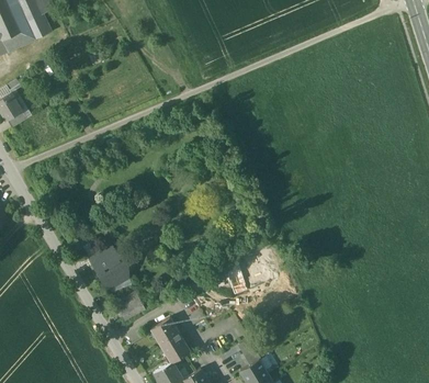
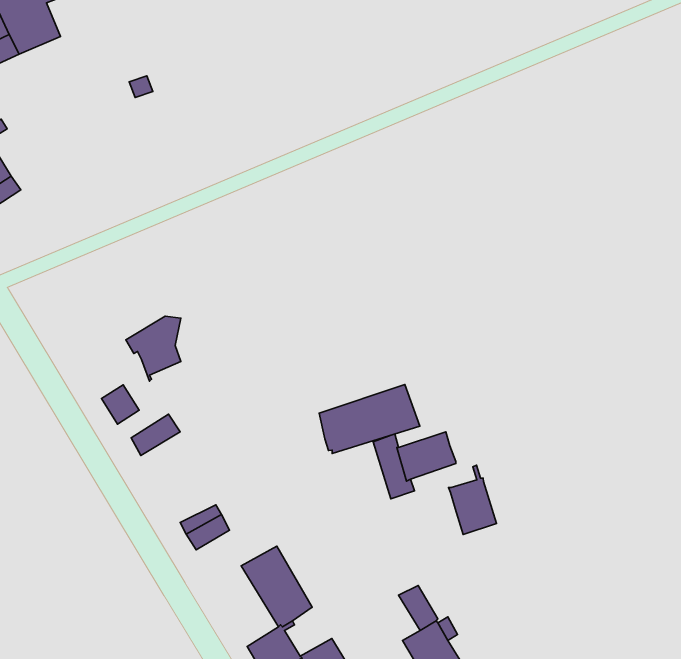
building: none -> [319,385,420,453]
building: [94,254,125,290] -> [126,316,181,381]
building: none -> [449,465,496,534]

